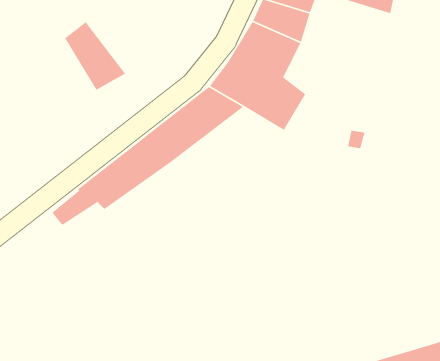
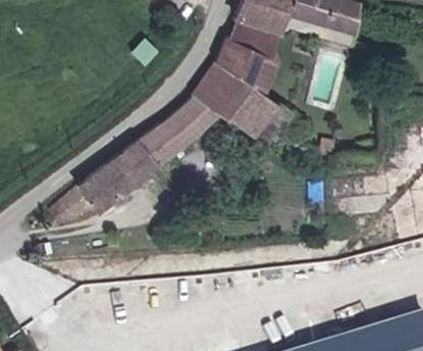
building: [64,21,126,91] -> none

